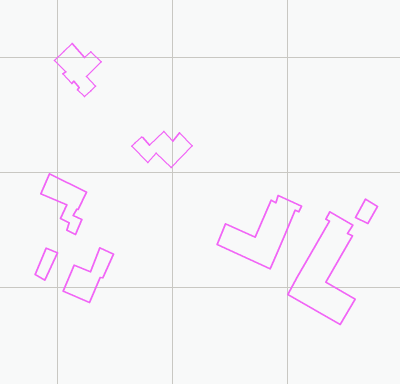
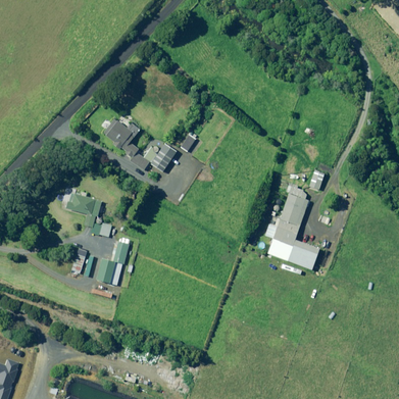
building: [54,43,101,96] -> [104,119,140,158]
building: [217,196,302,269] -> none

